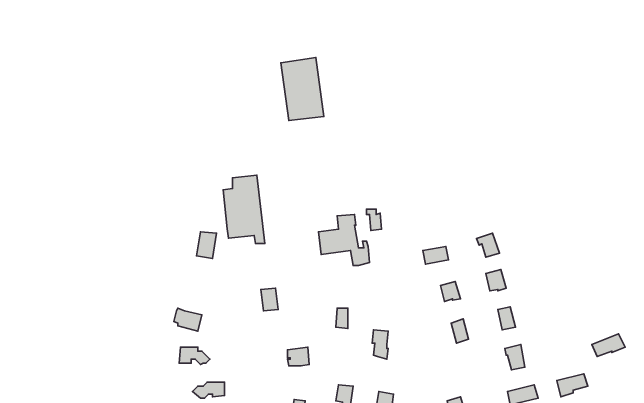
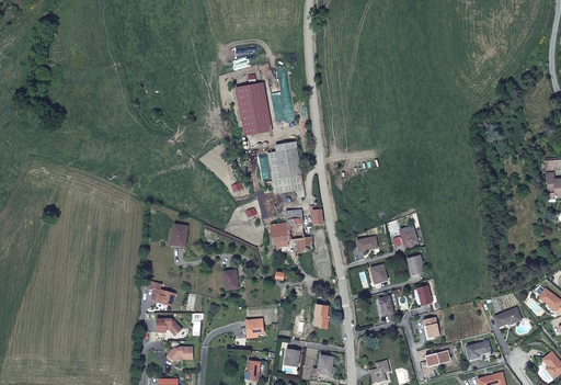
building: [223,175,265,243] -> [268,141,302,197]

